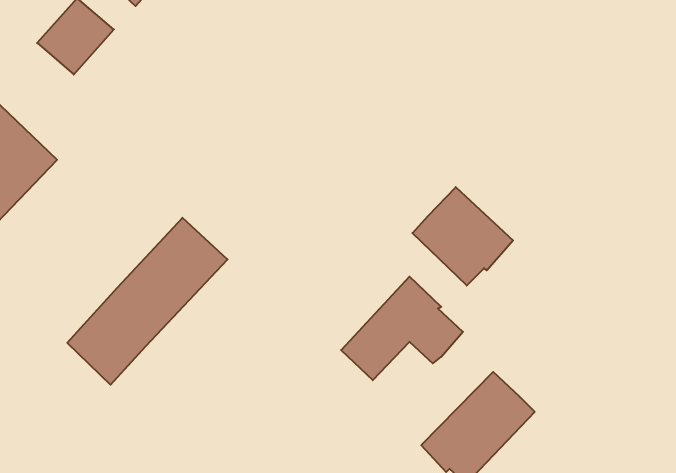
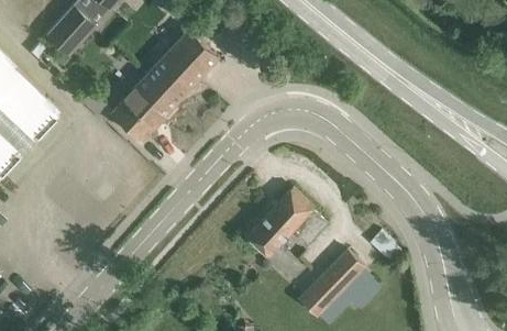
building: [412,187,513,286] -> none
building: [67,218,228,385] -> [112,30,218,140]

